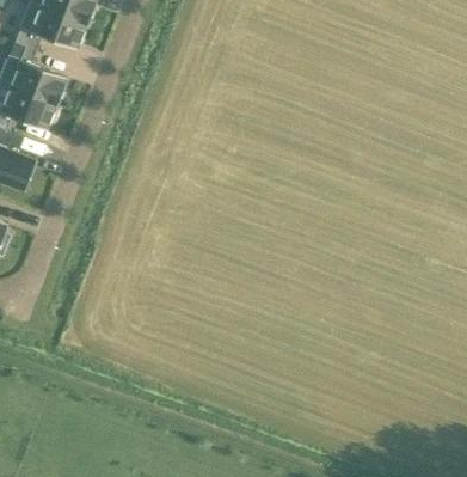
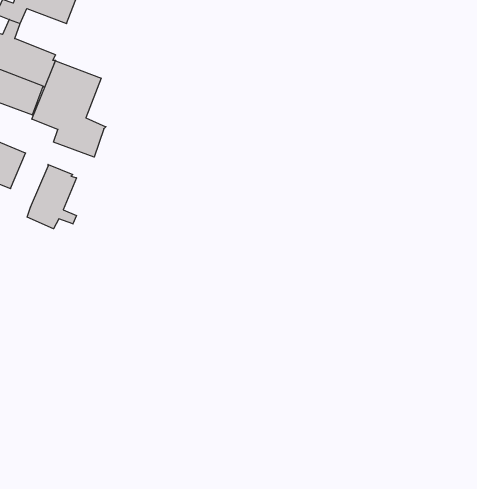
building: none -> [32,61,106,157]
building: none -> [27,164,77,229]

